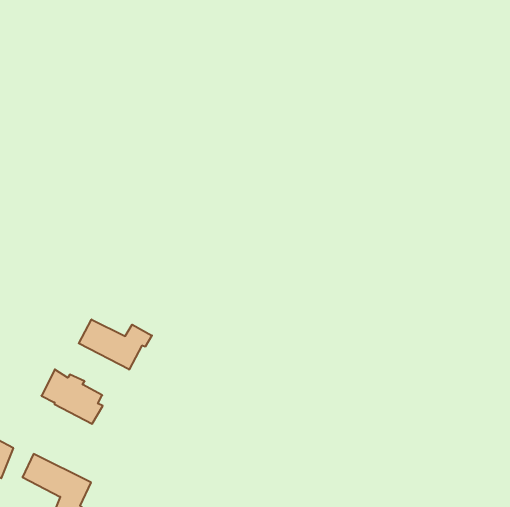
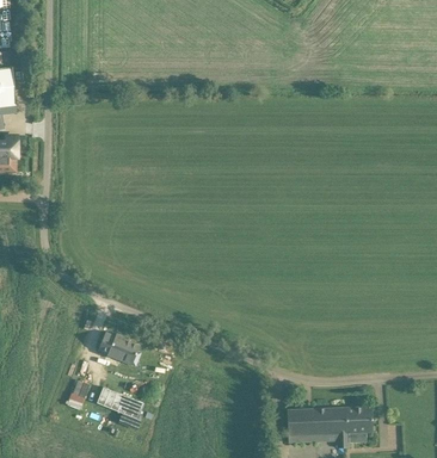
building: [79,319,152,370] -> none

